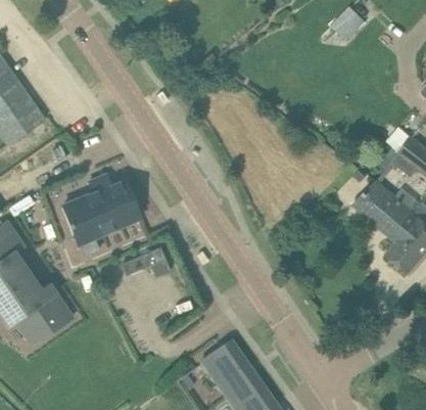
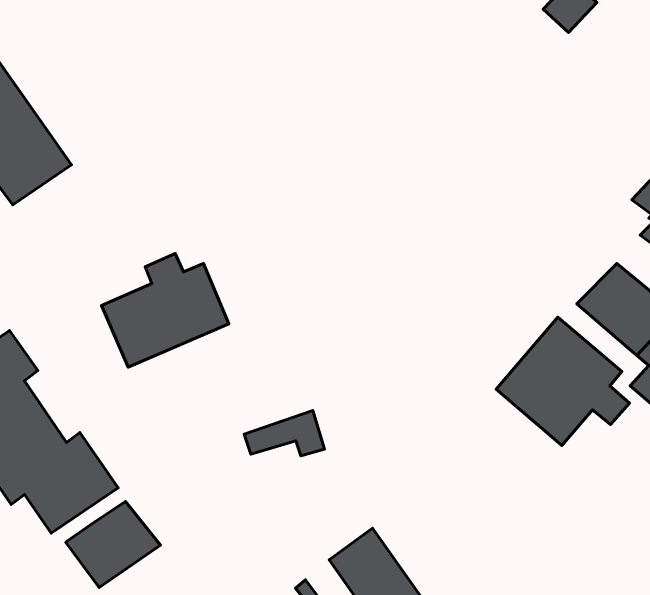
building: none -> [496,317,629,446]
building: [122,246,171,274] -> [244,411,324,456]
building: none -> [66,501,161,588]

